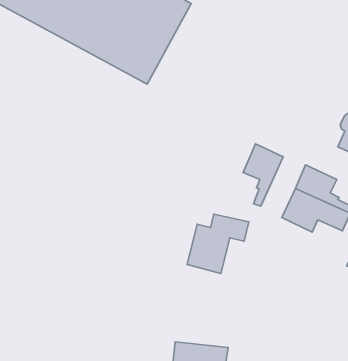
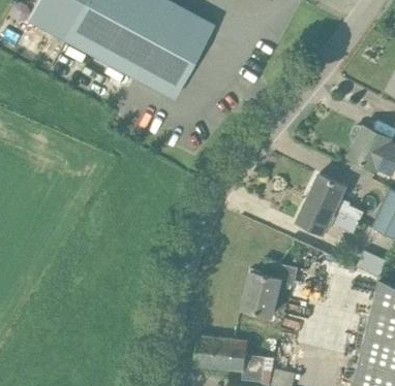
building: [243,144,283,206] -> none
building: [187,214,249,274] -> [242,262,299,317]

